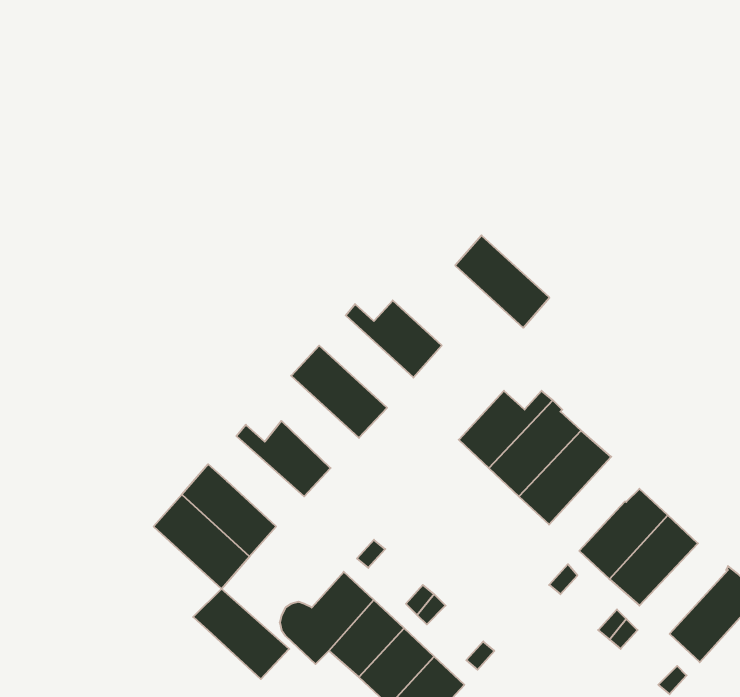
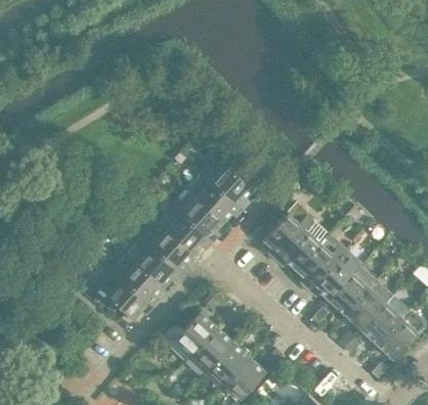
building: [455,235,549,328] -> [186,173,238,223]
building: none -> [166,206,208,256]
building: none -> [311,250,361,301]
building: none -> [360,297,409,346]
building: [193,589,289,679] -> [126,238,178,287]

